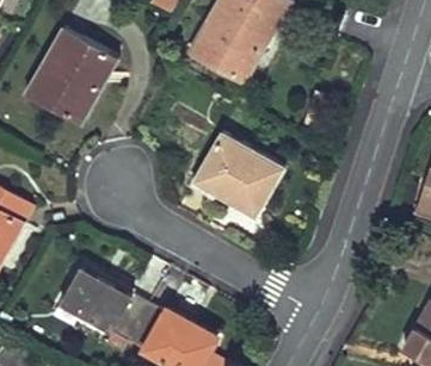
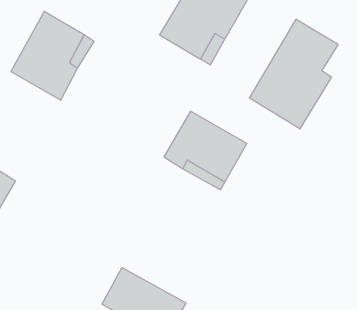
building: none -> [249,19,338,129]
building: [61,265,148,342] -> none

